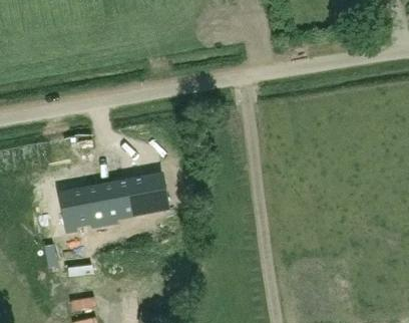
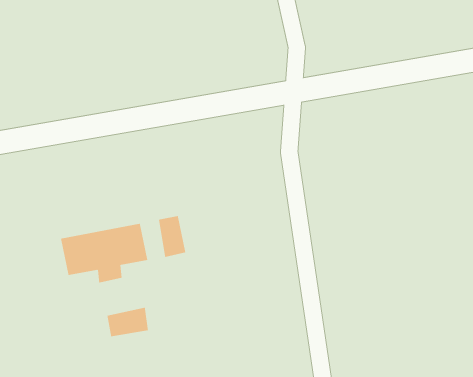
building: none -> [107,307,149,337]

